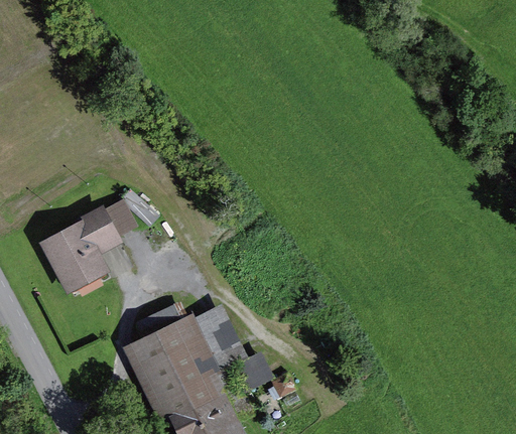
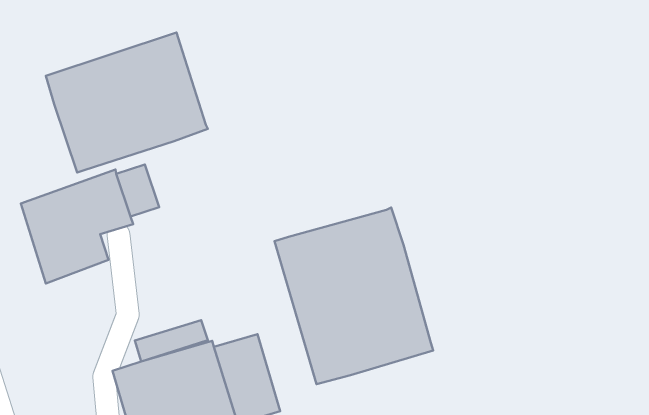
building: none -> [46,32,208,172]
building: none -> [274,208,433,384]

